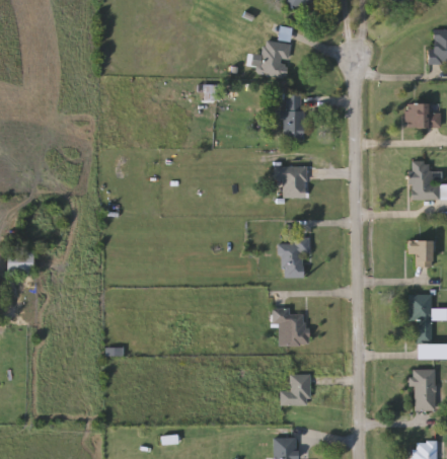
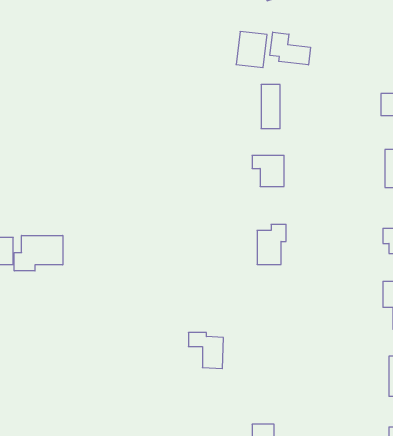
building: none -> [270,32,310,65]
building: none -> [14,235,63,271]
building: [272,309,307,346] -> [188,333,223,369]
building: [280,374,310,406] -> none

